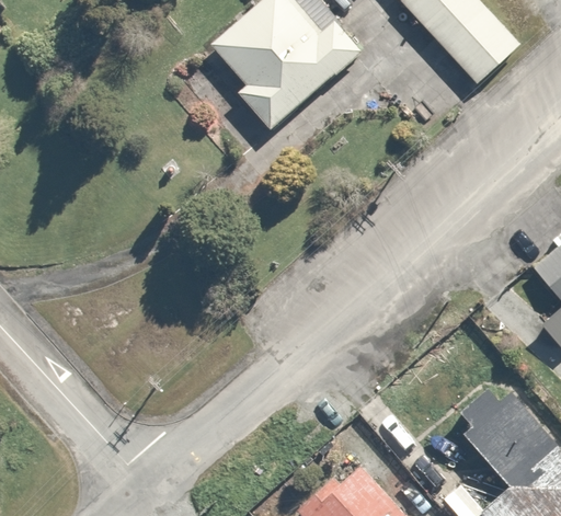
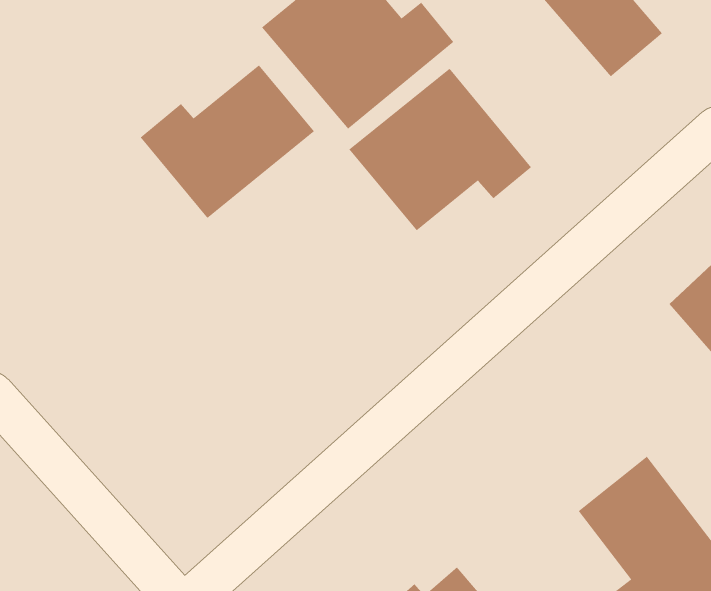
building: none -> [140,64,315,219]
building: none -> [349,68,532,231]

